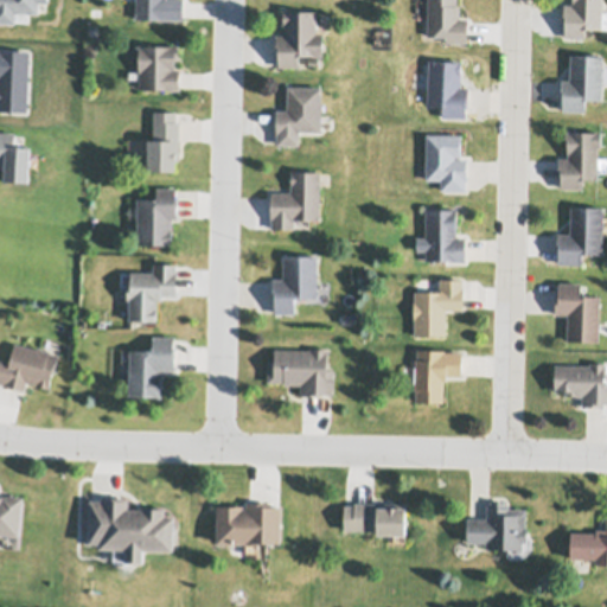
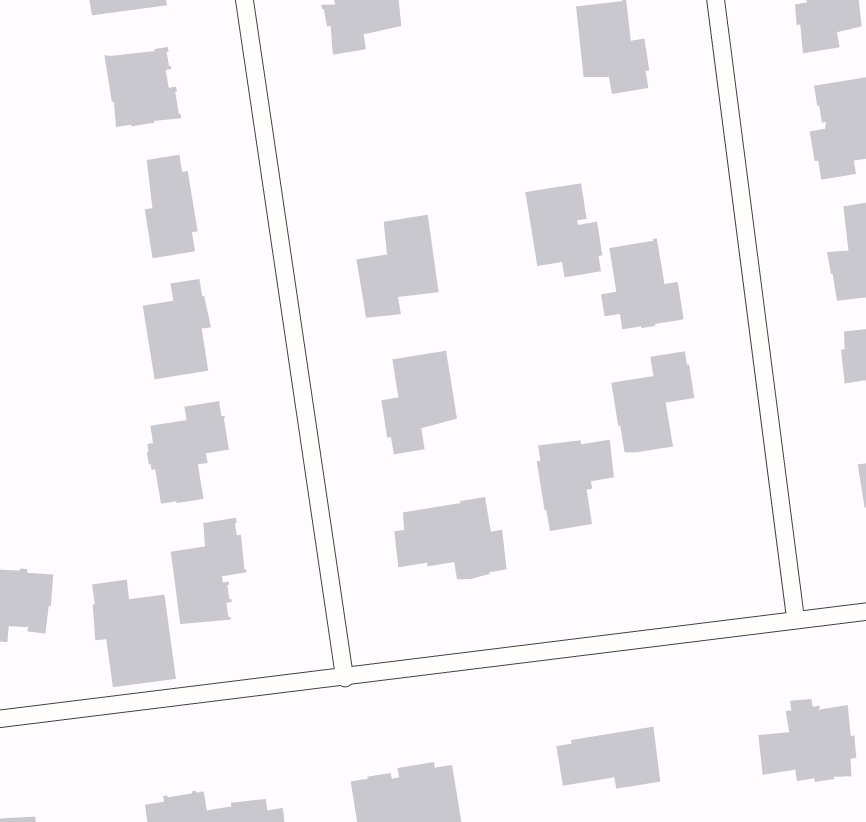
building: [275,88,320,145] -> none
building: [424,134,466,190] -> [524,183,603,278]
building: [414,350,461,403] -> [536,439,615,531]
building: none -> [92,579,176,688]

